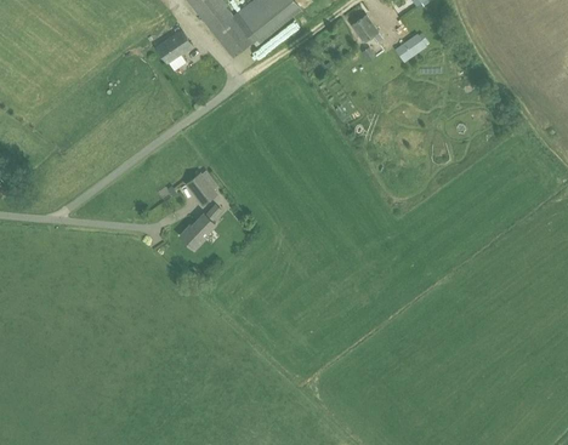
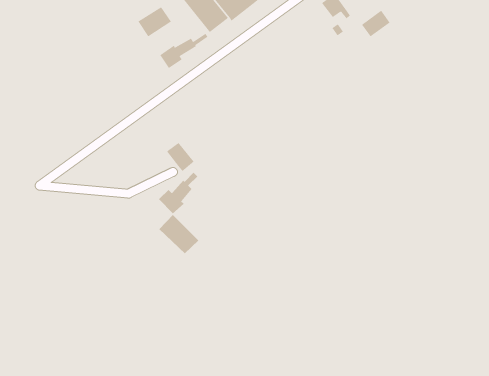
building: none -> [160,33,208,69]
building: none -> [159,214,199,254]

